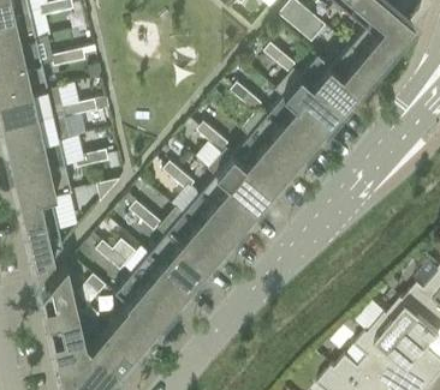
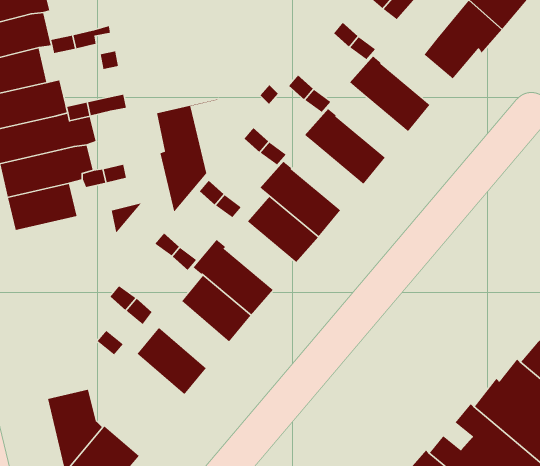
building: [299,56,353,107] -> none
building: [266,96,320,146] -> none
building: [232,136,286,186] -> none
building: [24,191,71,277] -> [156,98,218,213]
building: [182,194,236,246] -> none
building: [132,254,185,305] -> none
building: [44,265,79,328] -> none
building: [91,294,151,371] -> none

